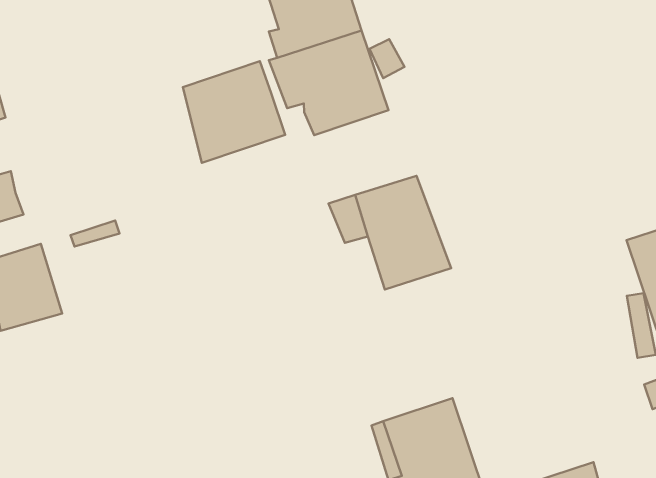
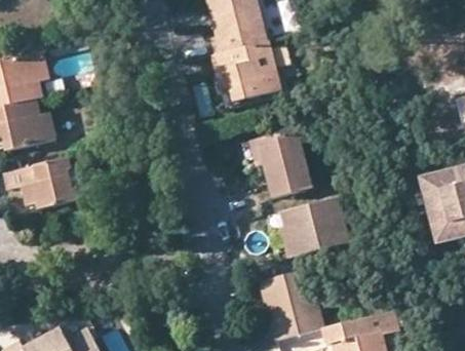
building: [183,61,285,163] -> none
building: none -> [268,197,349,261]

